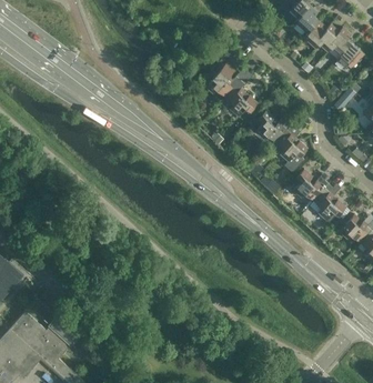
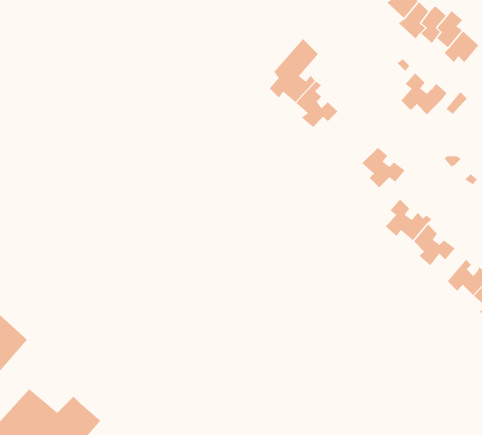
building: [255,110,291,142] -> [401,72,448,115]

